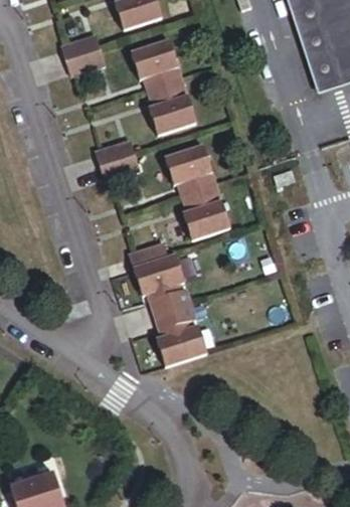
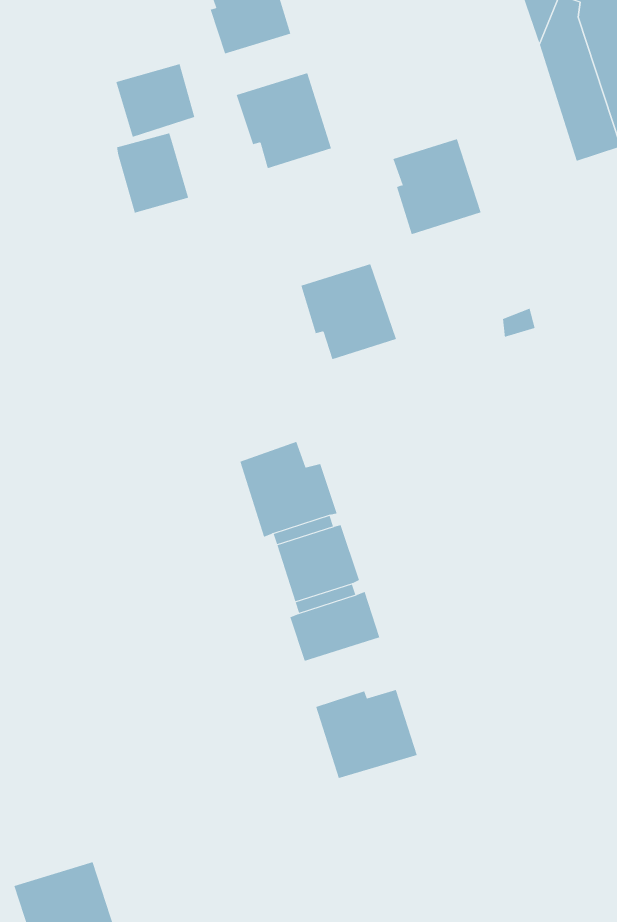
building: none -> [117,132,189,214]
building: [146,83,194,136] -> [393,139,481,235]
building: [98,140,141,180] -> none
building: [181,187,229,239] -> none
building: none -> [315,689,417,779]

